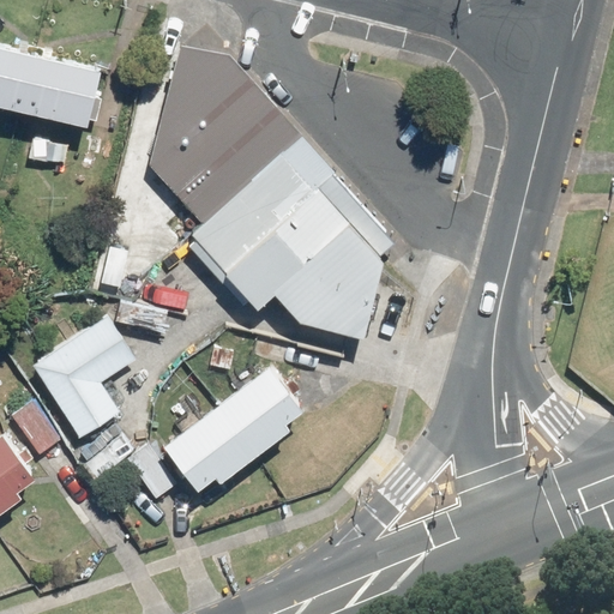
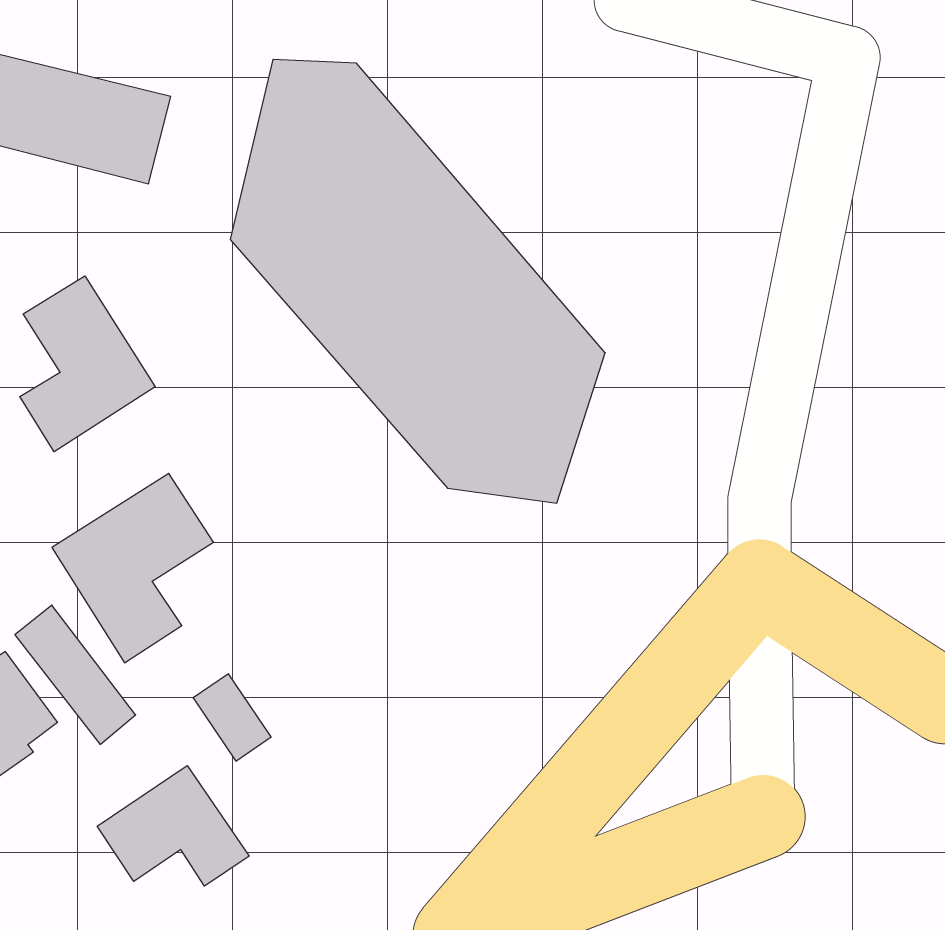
building: none -> [20,276,155,452]
building: [163,363,302,490] -> none
building: none -> [97,766,249,886]

